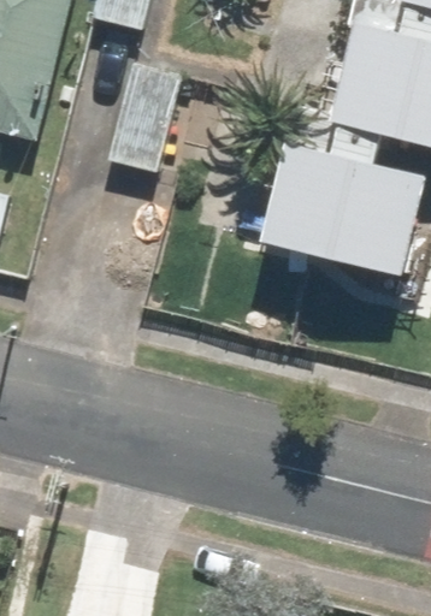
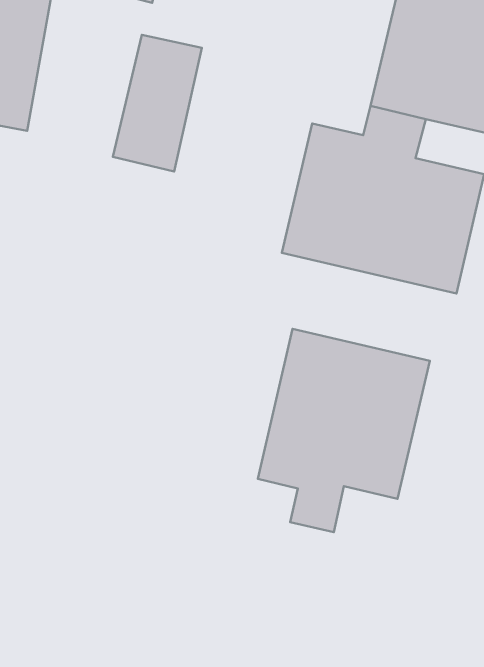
building: none -> [258,329,430,532]

